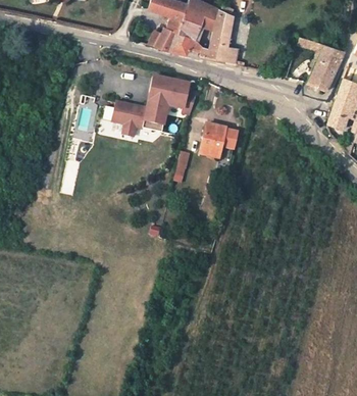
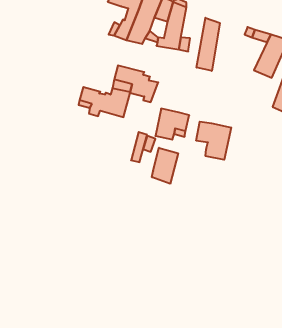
building: none -> [197,18,220,71]
building: none -> [196,122,231,160]
building: none -> [152,148,178,184]

